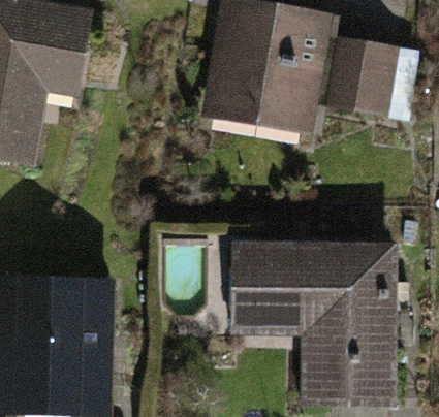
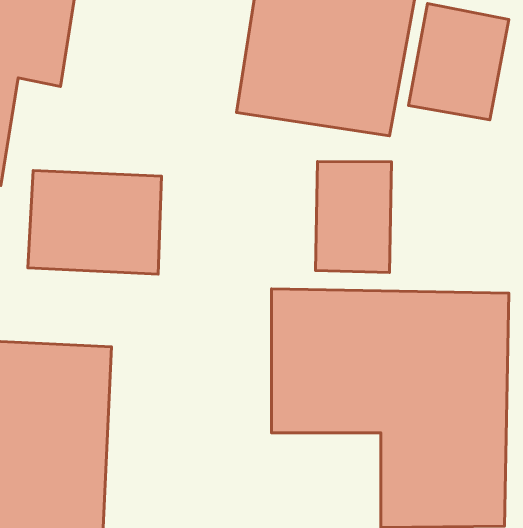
building: none -> [316,161,392,272]
building: none -> [28,170,162,274]

